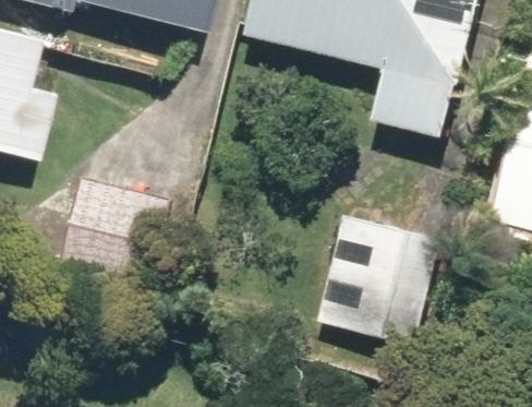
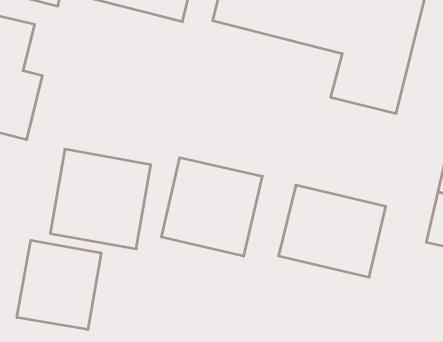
building: none -> [161,158,262,256]
building: none -> [17,240,101,330]

